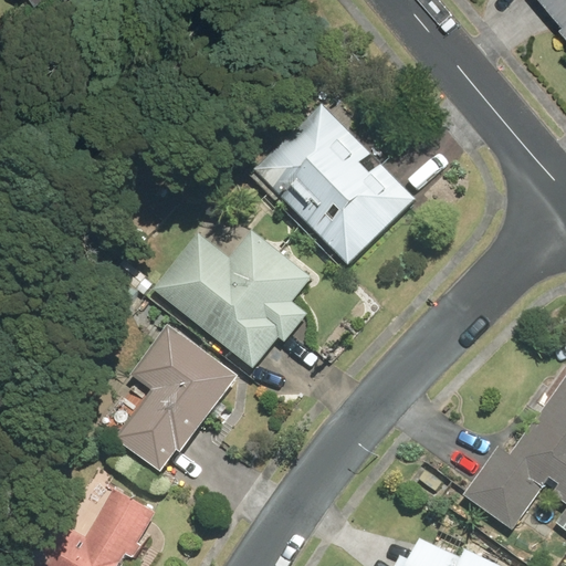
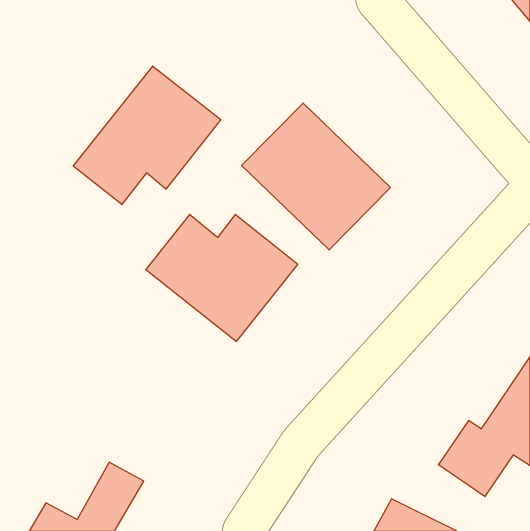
building: none -> [73,66,221,205]
building: [114,325,237,475] -> none

